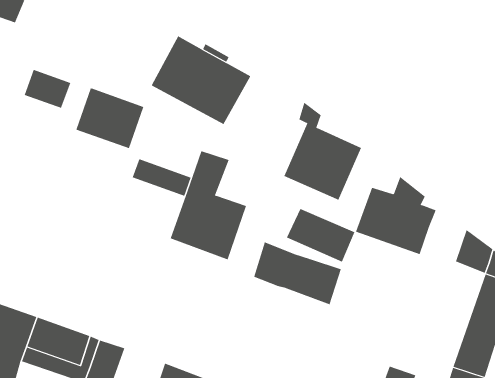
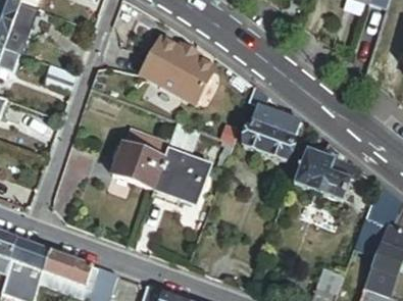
building: [75,88,144,149] -> [111,145,163,191]
building: [286,208,355,262] -> none
building: [254,242,342,305] -> none

